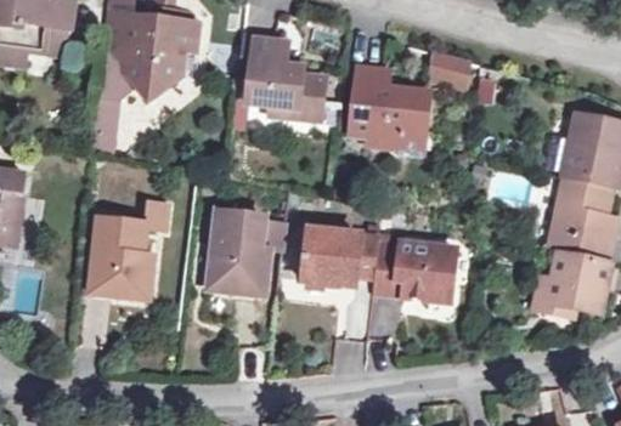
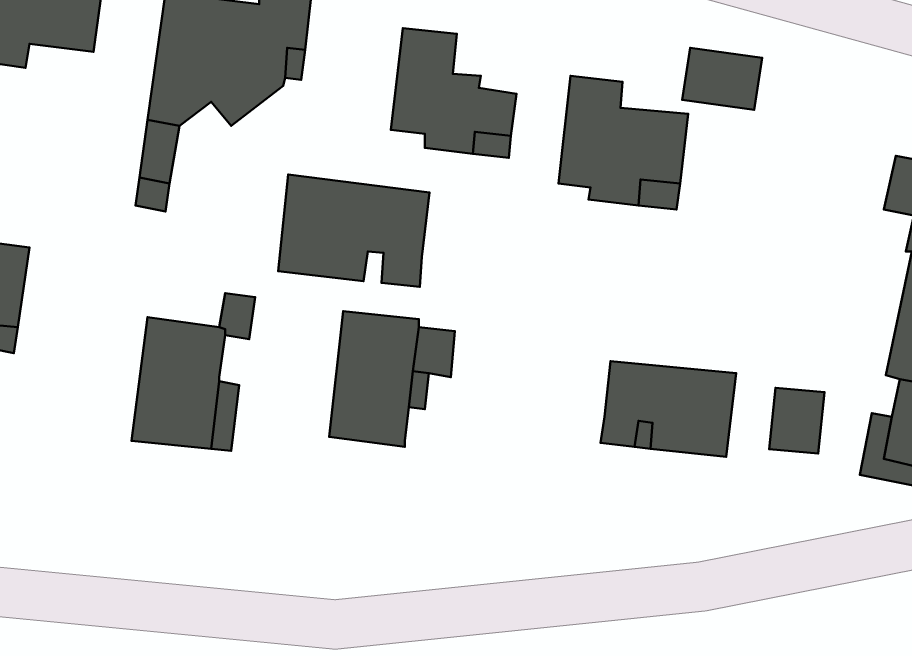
building: none -> [278,174,429,287]
building: [303,228,380,284] -> none
building: none -> [769,388,825,454]

